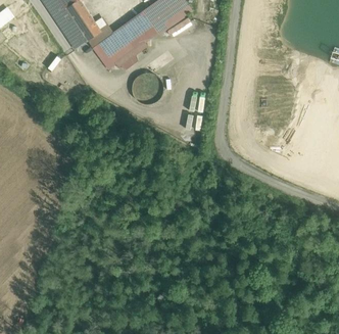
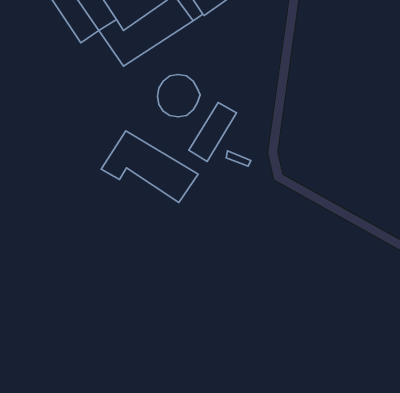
building: none -> [189,103,236,162]
building: none -> [101,131,198,202]

